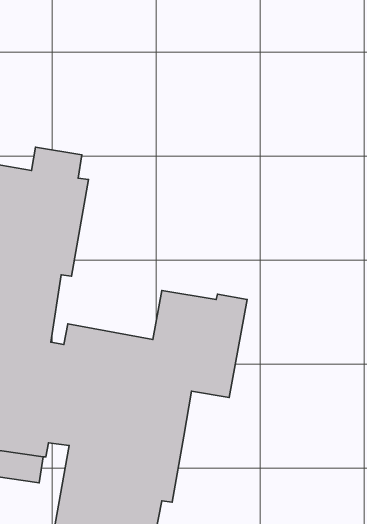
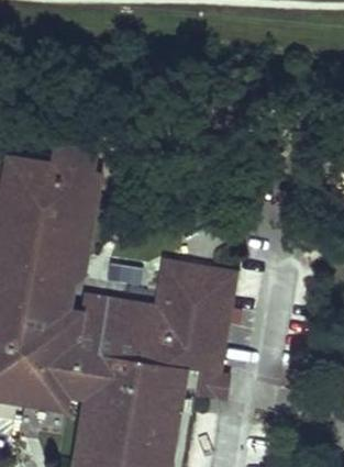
building: none -> [184,351,230,397]

